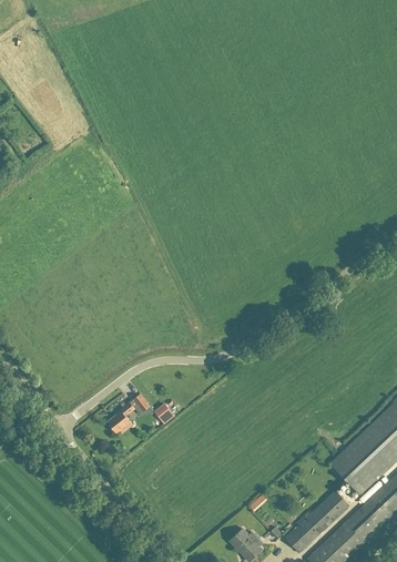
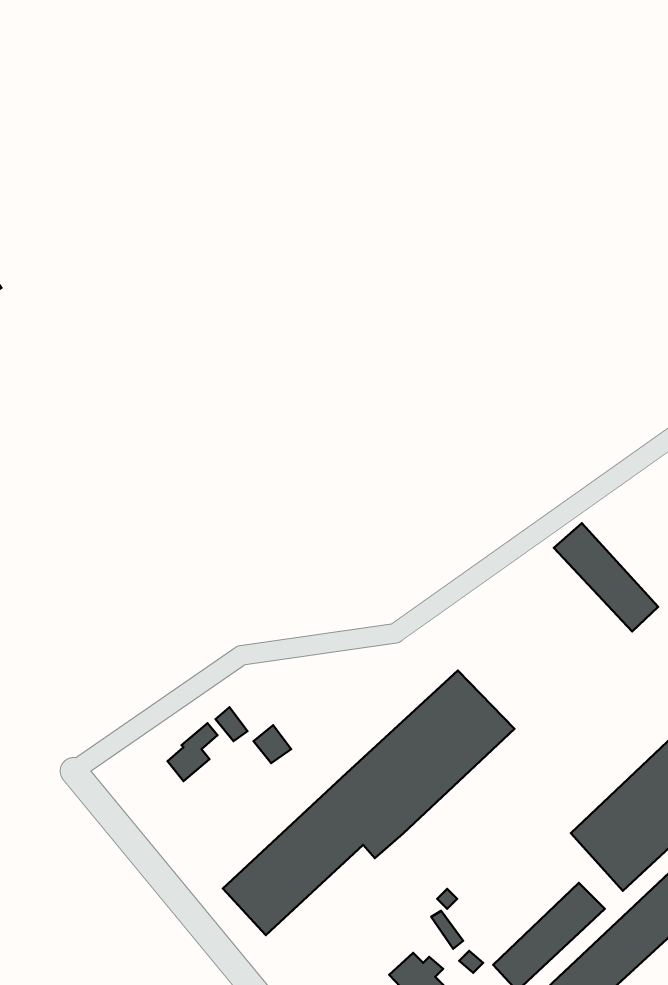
building: none -> [554,523,658,631]
building: none -> [223,671,515,935]

